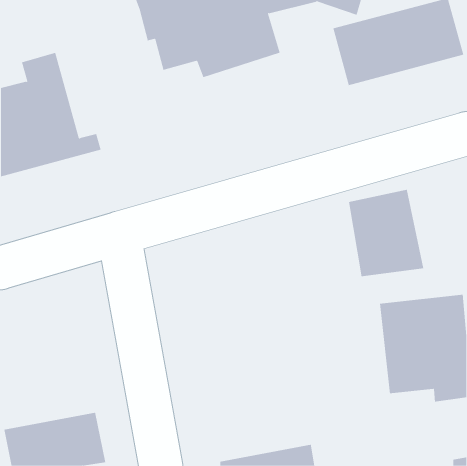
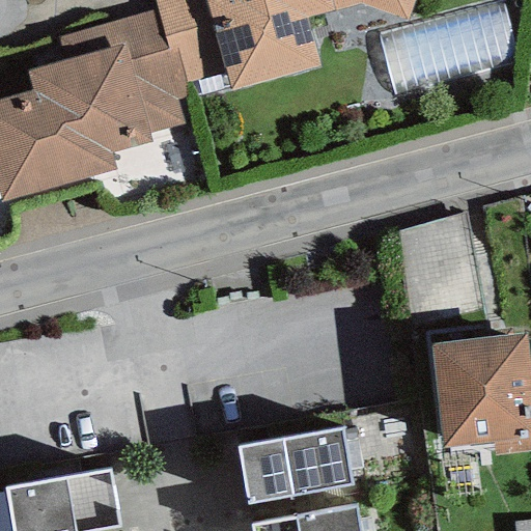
building: none -> [58,10,190,157]
building: none -> [236,427,353,503]

